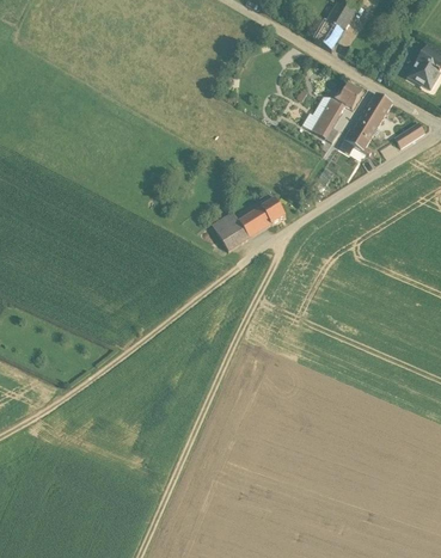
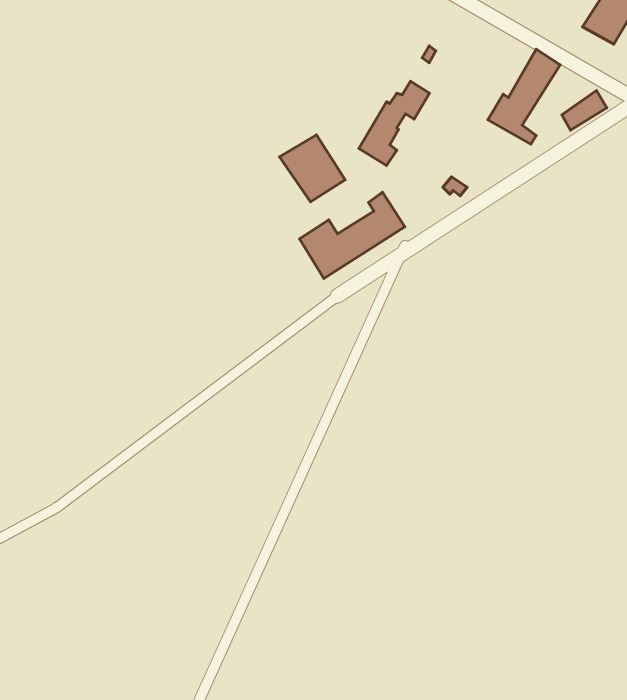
building: [313,82,362,141] -> [359,81,430,166]
building: none -> [280,135,345,202]

